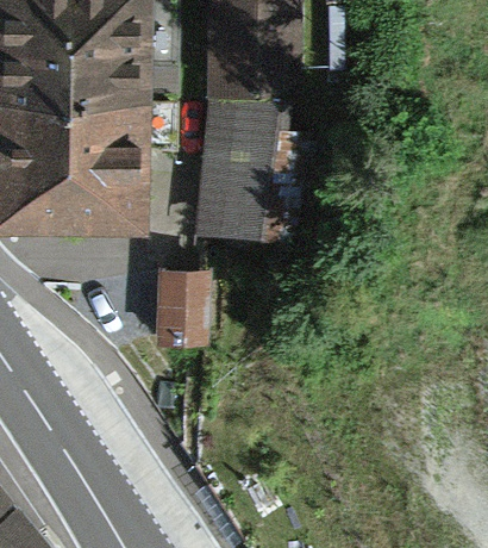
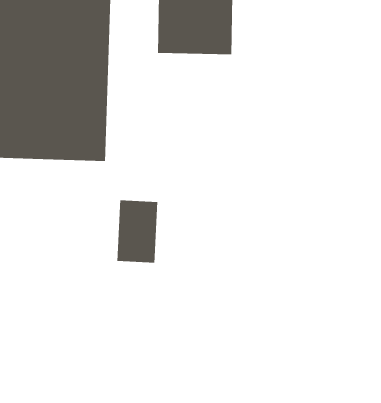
building: [194,106,308,255] -> none

